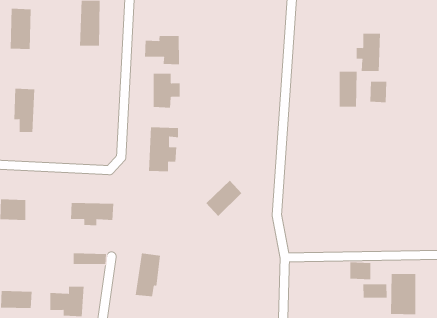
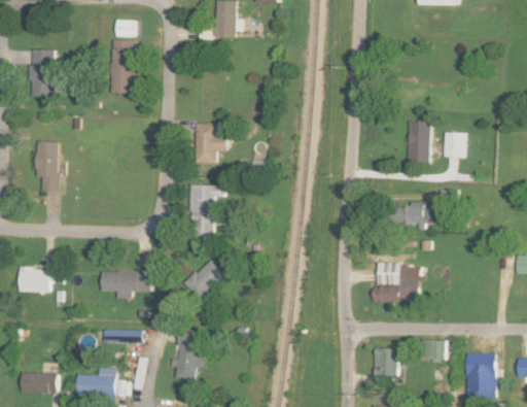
building: [356,33,381,72] -> none
building: [144,35,180,65] -> none
building: none -> [391,201,432,230]
building: [205,180,242,217] -> [183,257,225,299]
building: none -> [373,262,419,302]
building: none -> [375,347,398,376]
building: [363,283,387,299] -> none

